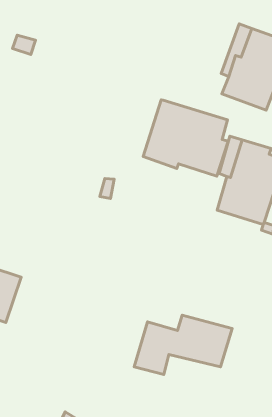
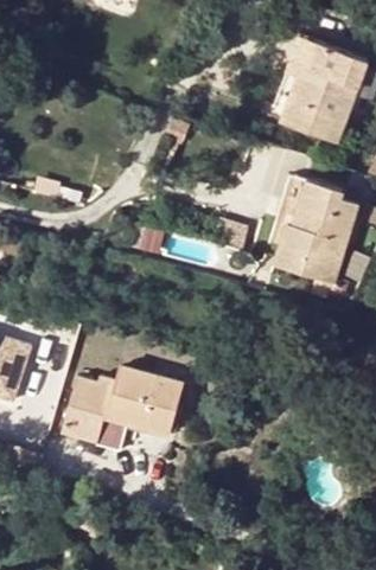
building: [143,100,228,176] -> none
building: [134,315,232,375] -> [62,369,183,442]

